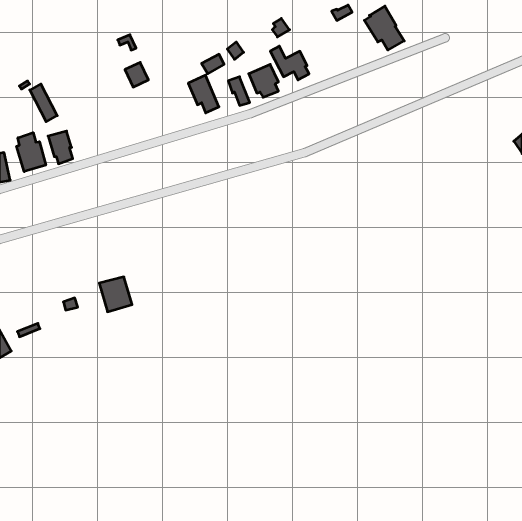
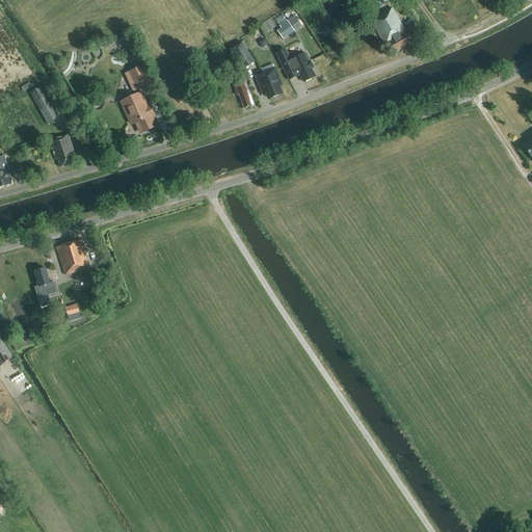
building: [188,75,219,113] -> [123,92,154,131]
building: [17,133,46,172] -> none
building: none -> [33,267,56,297]
building: [99,277,132,312] -> [55,239,88,274]

